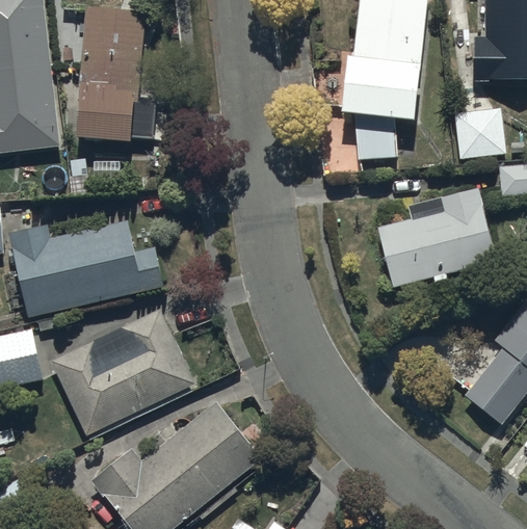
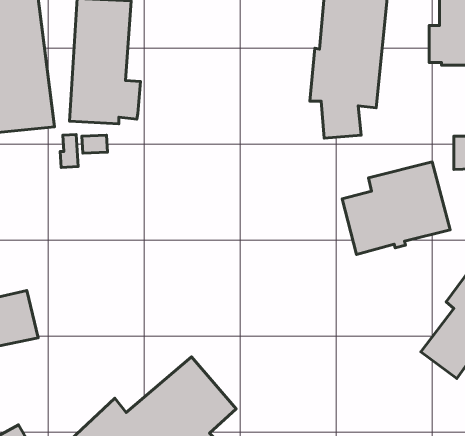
building: [454,108,506,158] -> none
building: [9,219,162,319] -> none
building: [49,308,192,435] -> none

